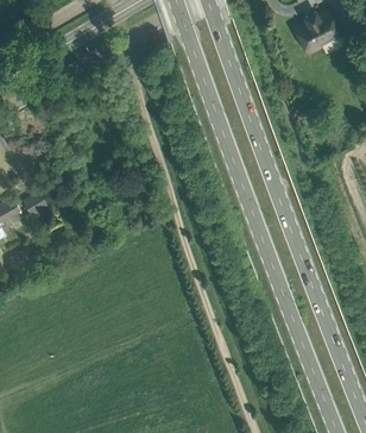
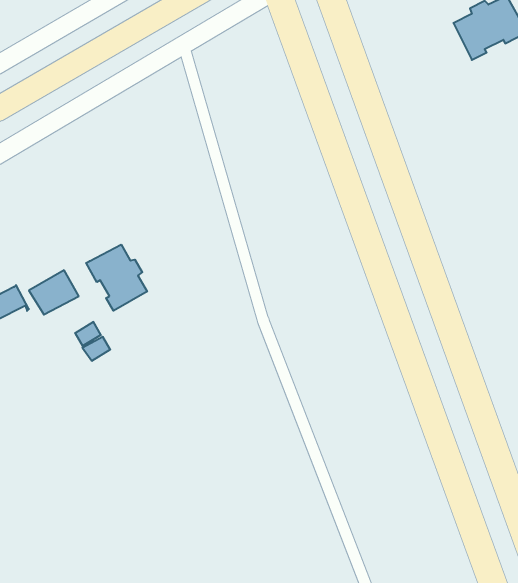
building: none -> [86,245,147,311]

